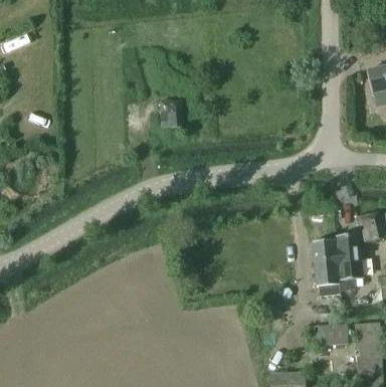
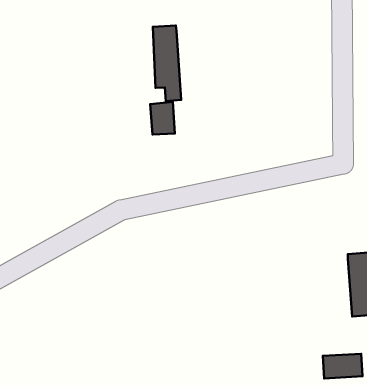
building: none -> [153,26,181,101]
building: [313,239,341,296] -> none

